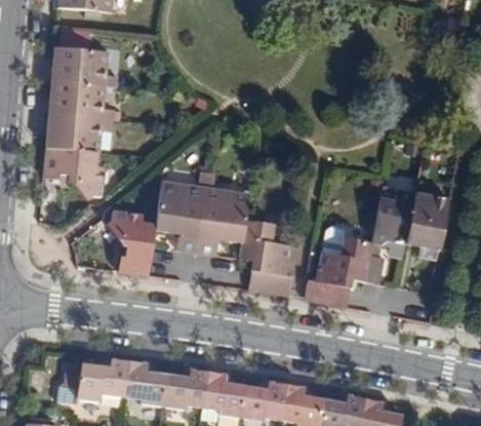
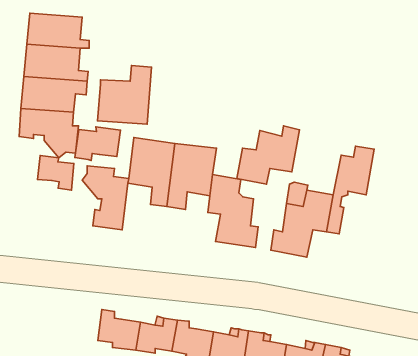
building: none -> [98,66,151,124]
building: none -> [237,126,299,184]
building: none -> [75,127,120,160]
building: [407,192,449,246] -> none
building: none -> [38,155,74,190]
building: [77,359,128,401] -> none

